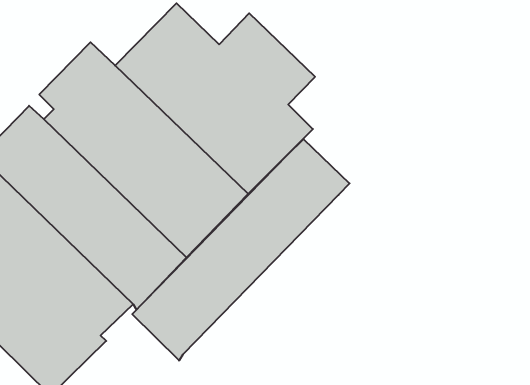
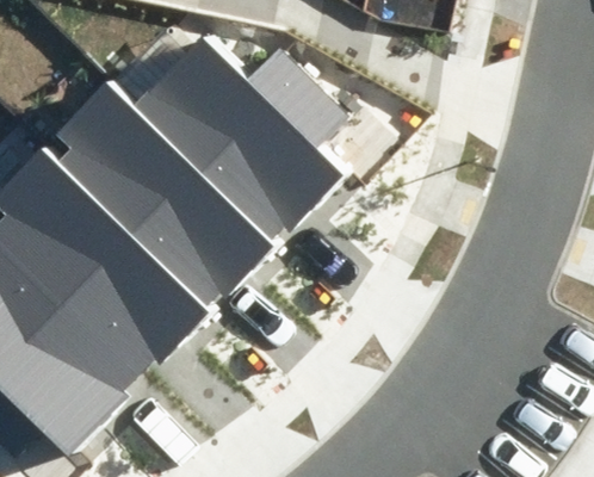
building: [132,139,350,361] -> none

